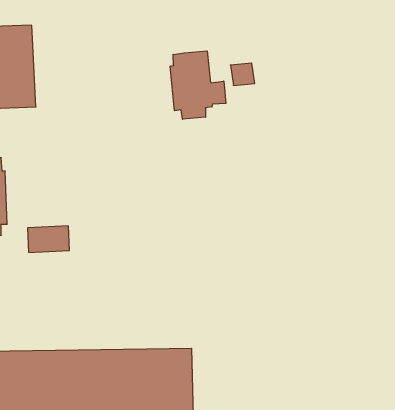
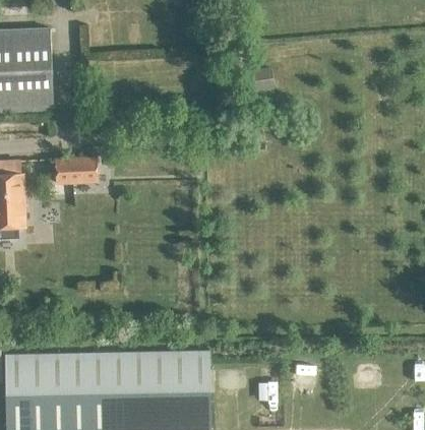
building: [170,51,226,119] -> none
building: [28,226,69,252] -> [56,157,98,183]

